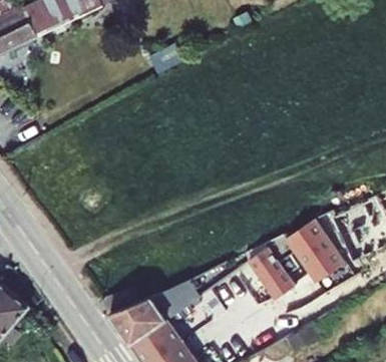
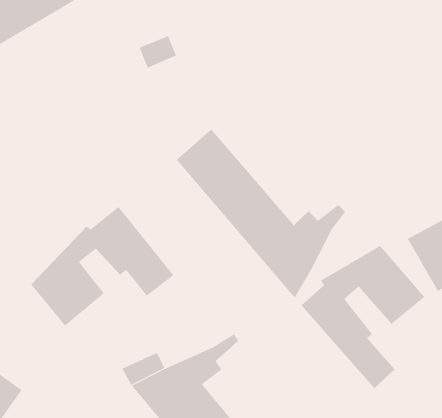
building: none -> [176,128,346,298]
building: none -> [31,206,174,327]

